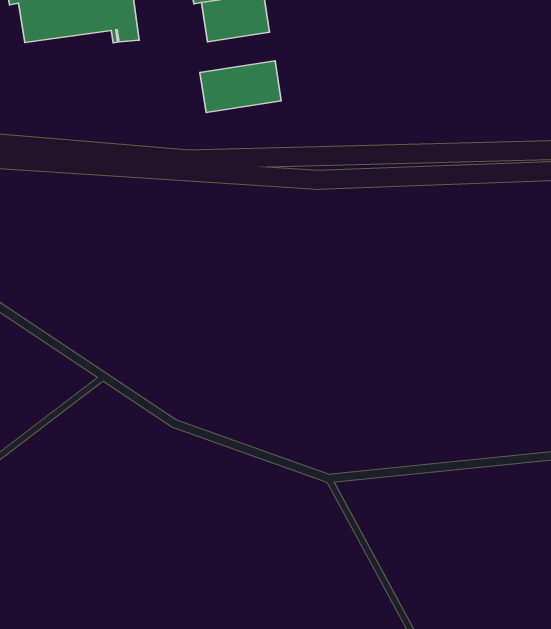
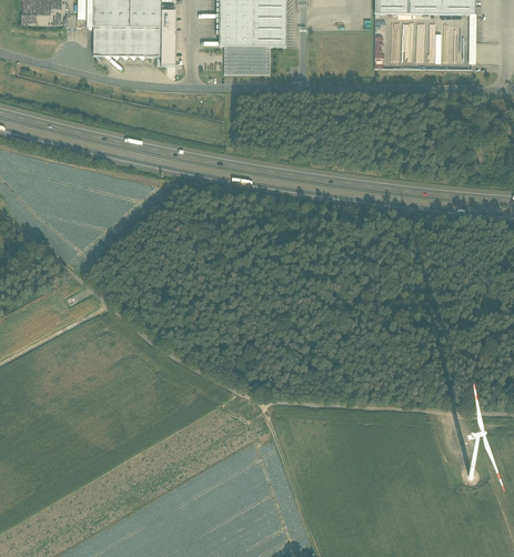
building: [200,61,281,112] -> none

